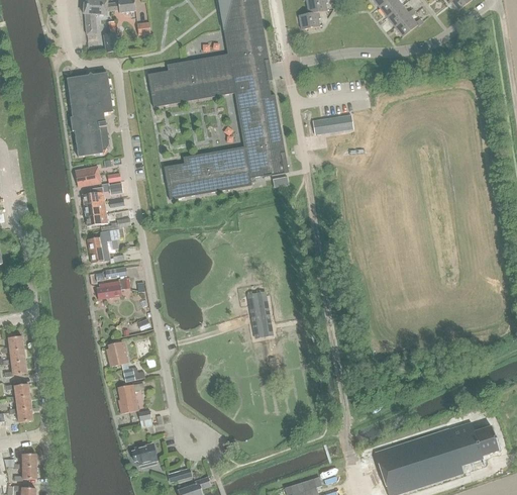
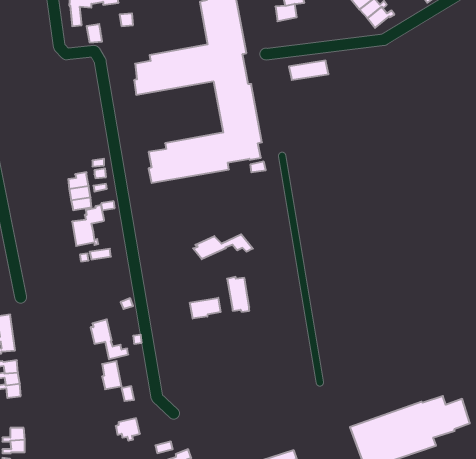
building: [66,72,112,157] -> none
building: [311,114,352,134] -> [289,61,329,80]
building: [74,166,100,187] -> none
building: none -> [193,234,253,259]
building: [96,277,129,299] -> none
building: none -> [190,298,221,319]

